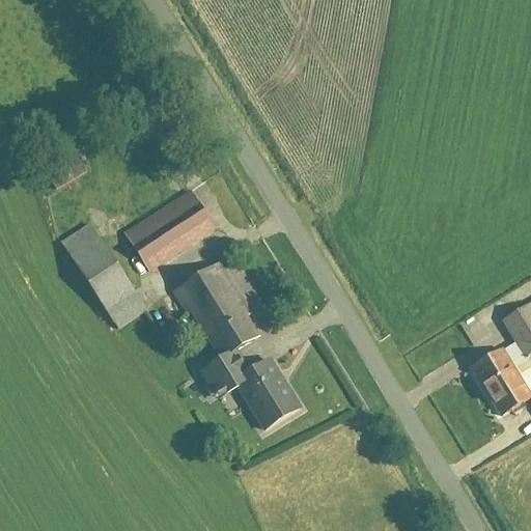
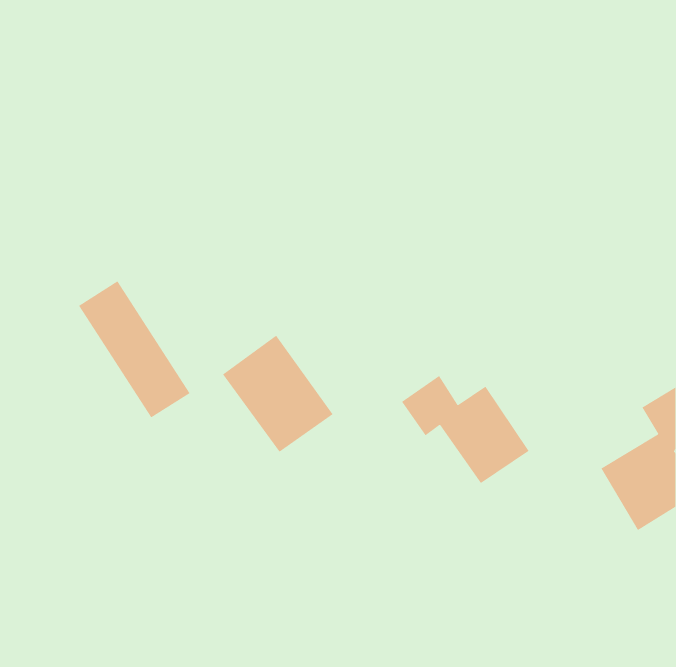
building: [125,188,215,268] -> none
building: [206,348,307,434] -> [401,375,530,484]

